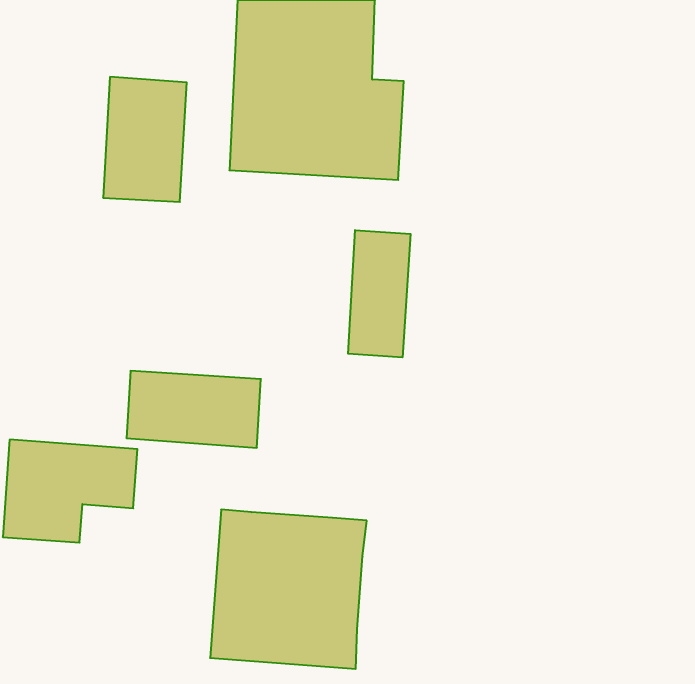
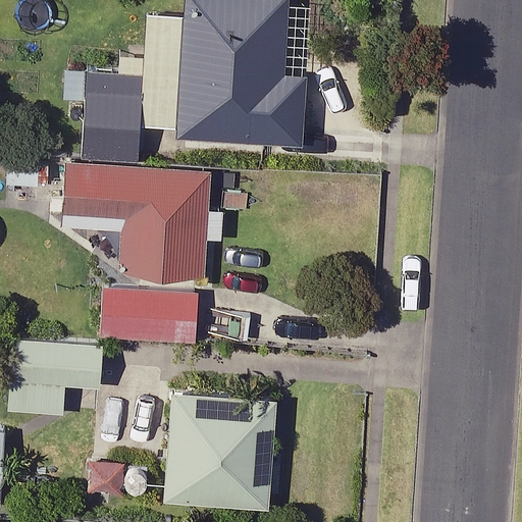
building: none -> [61,162,211,279]
building: [348,230,411,357] -> none

